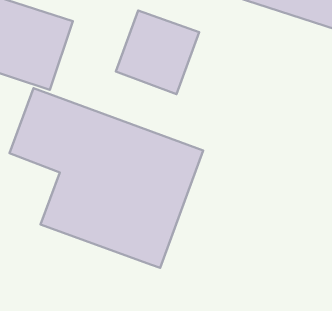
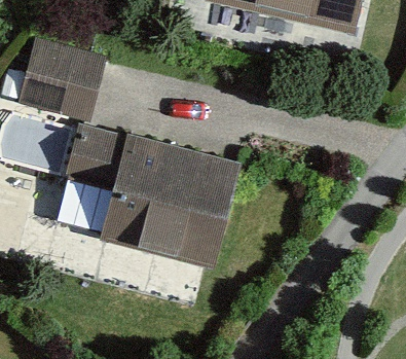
building: [116,10,199,94] -> none

